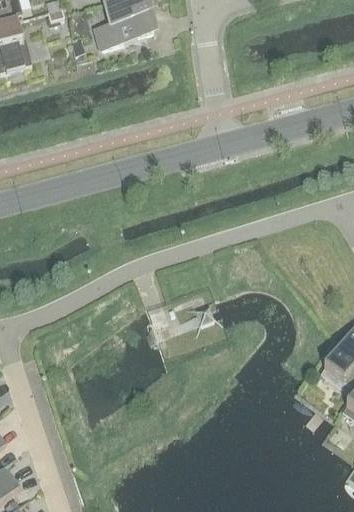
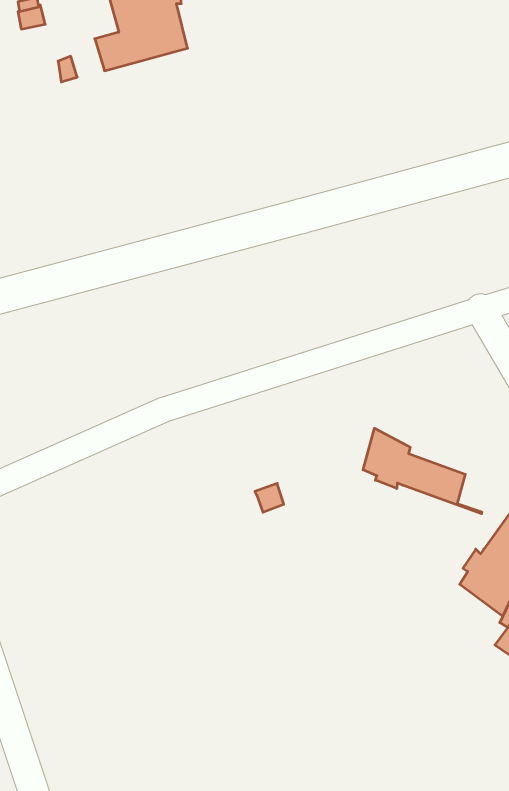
building: none -> [363,428,482,514]

